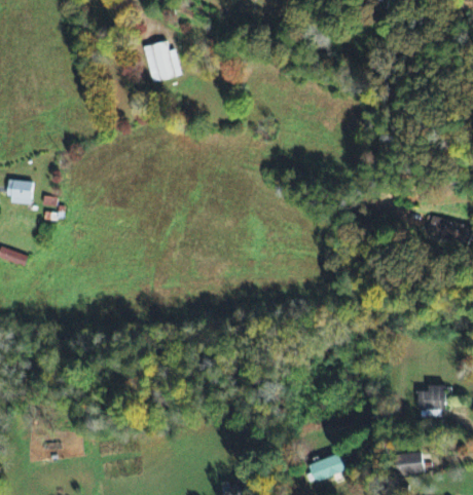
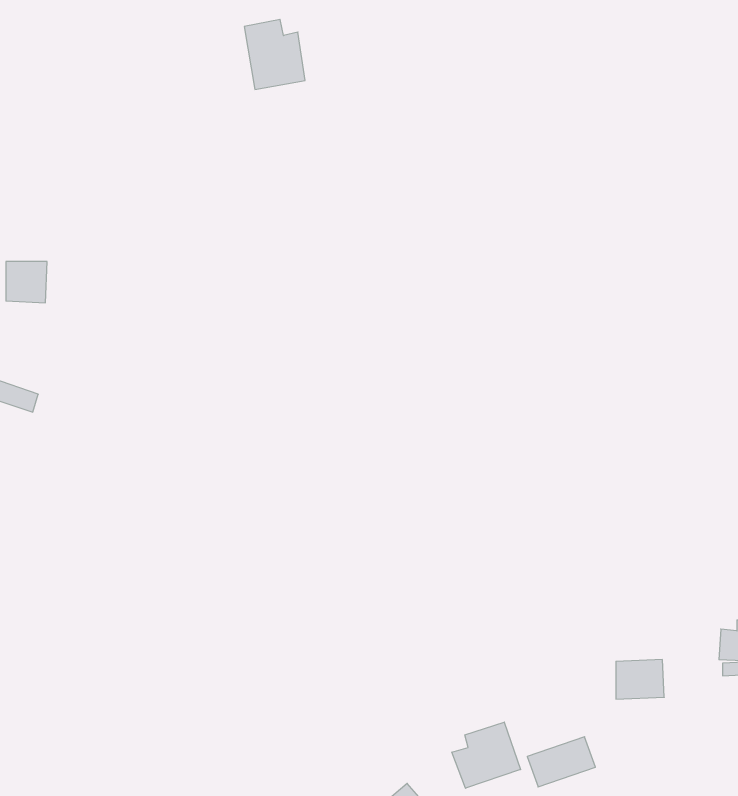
building: none -> [452,722,521,788]
building: [395,453,423,475] -> [616,660,664,699]

